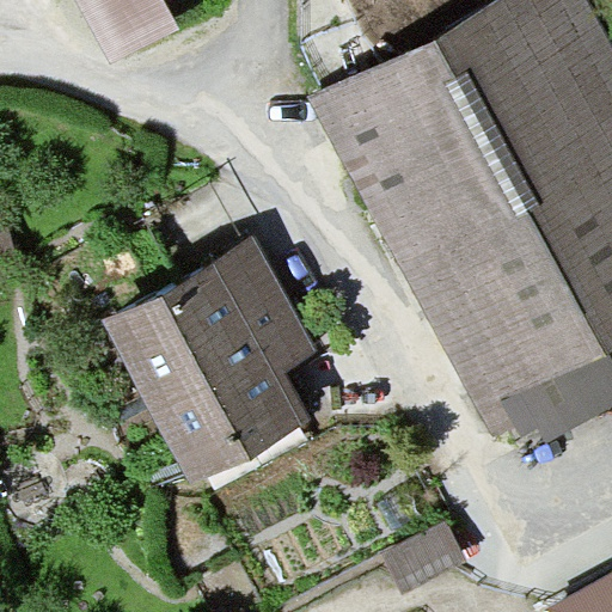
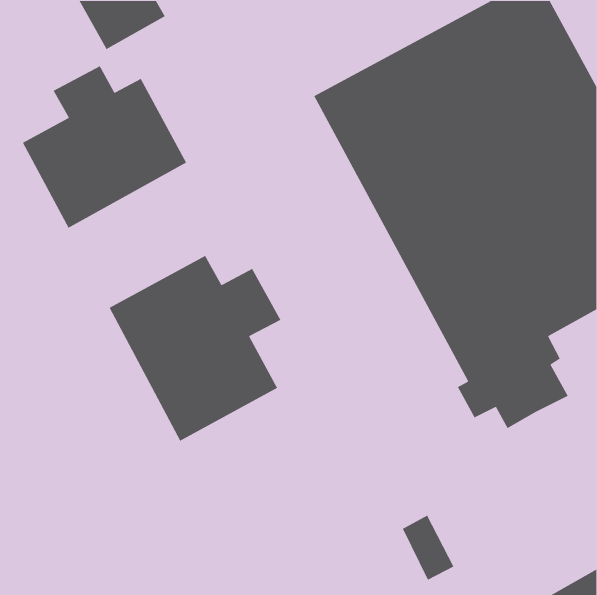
building: none -> [22,65,187,229]

